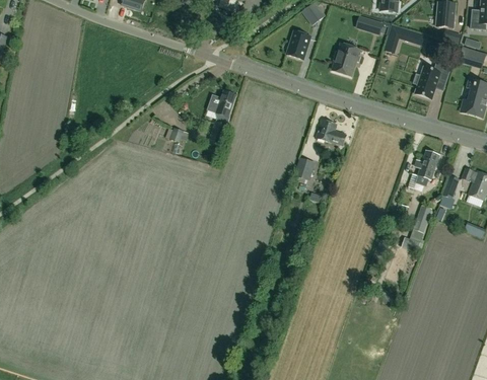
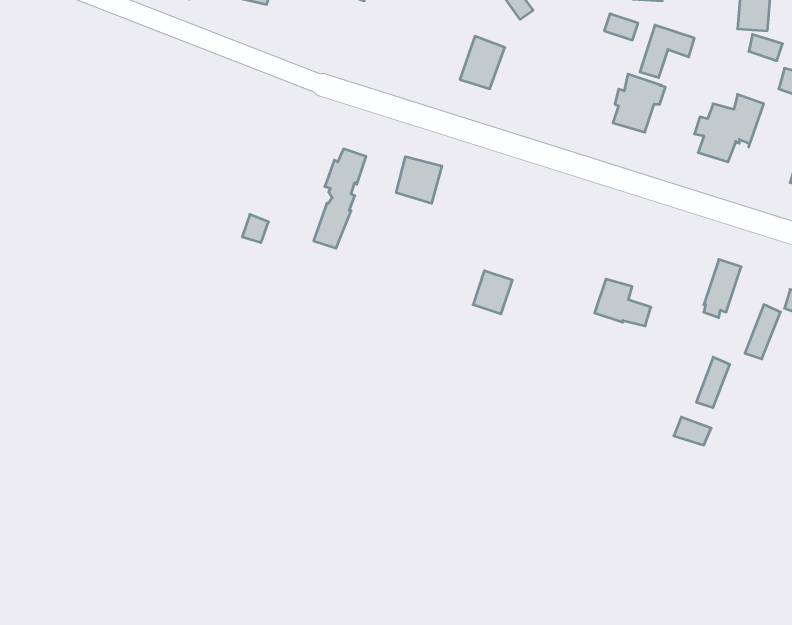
building: [333,44,361,75] -> [613,74,665,132]
building: none -> [396,157,442,203]
building: [316,120,346,145] -> [595,279,651,326]

